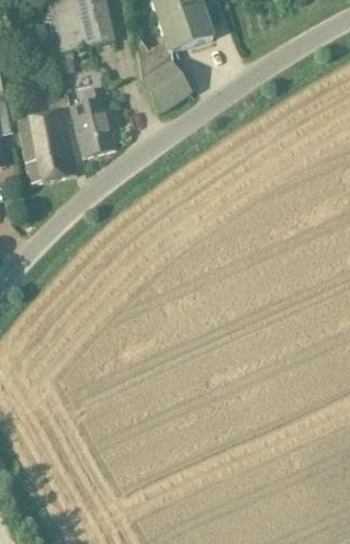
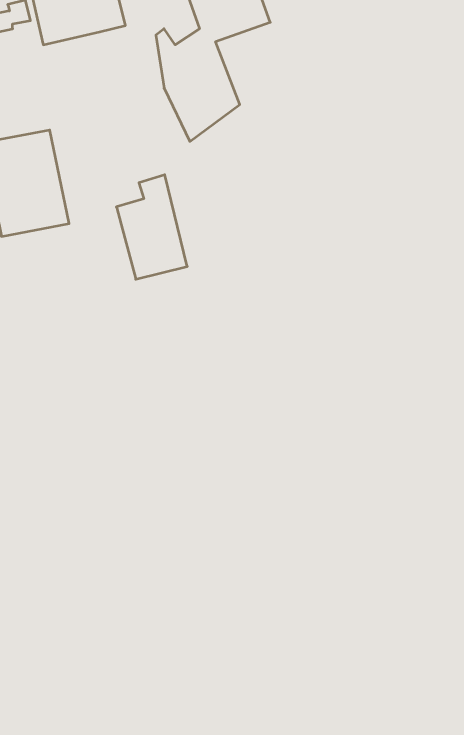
building: [68,84,116,156] -> [116,175,187,279]

